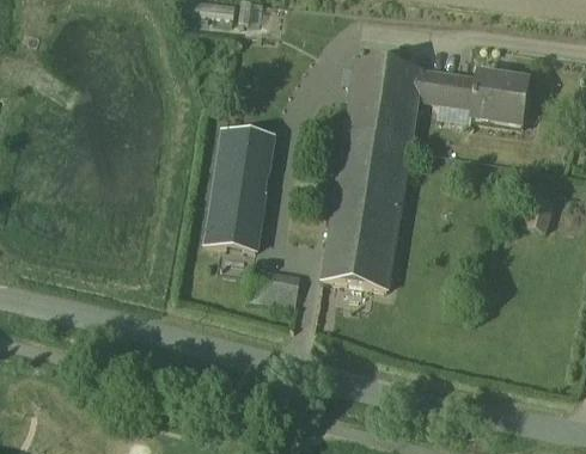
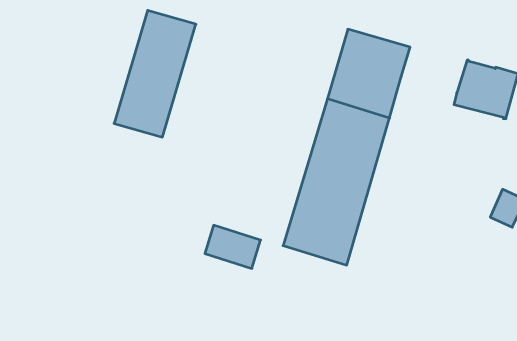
building: [417,68,478,106] -> none
building: [207,127,274,249] -> [114,10,196,137]

